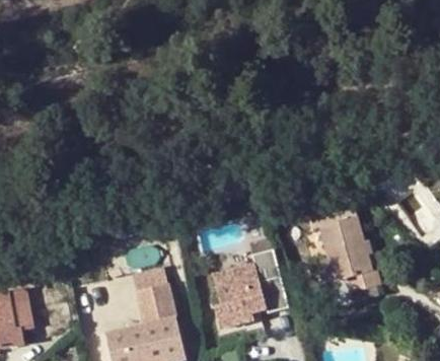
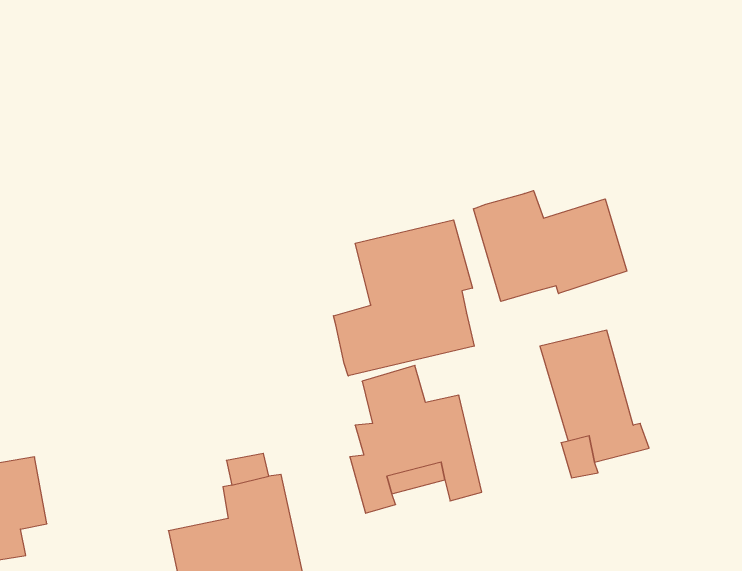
building: none -> [473,191,627,301]
building: none -> [333,220,474,376]

